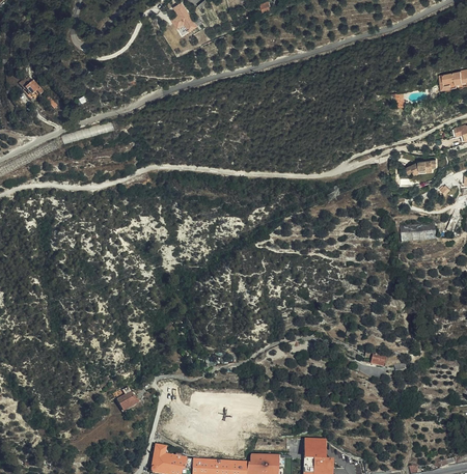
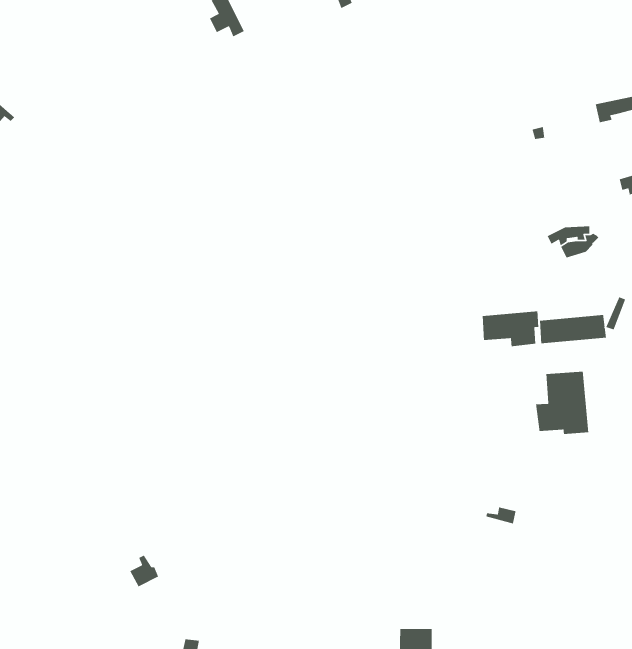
building: none -> [482,310,539,347]
building: none -> [535,371,589,435]

